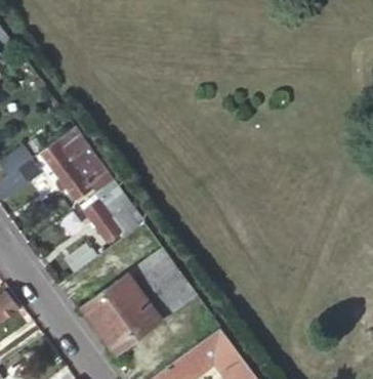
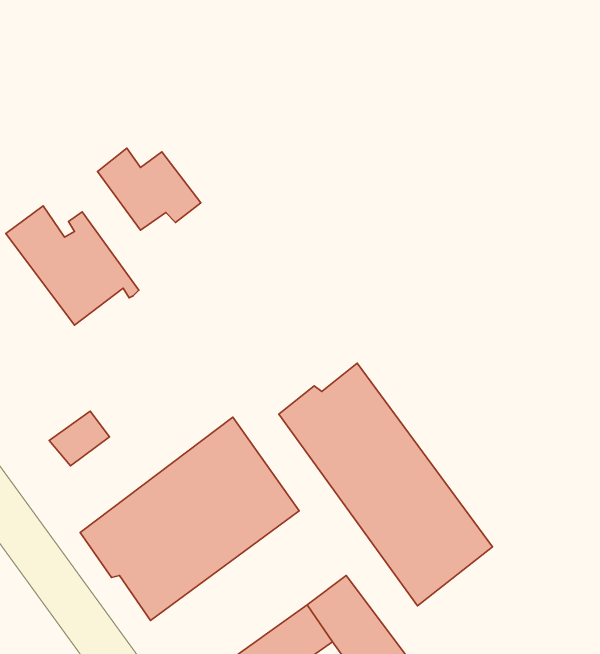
building: [84,198,138,241] -> [97,148,201,230]
building: none -> [279,363,493,606]

